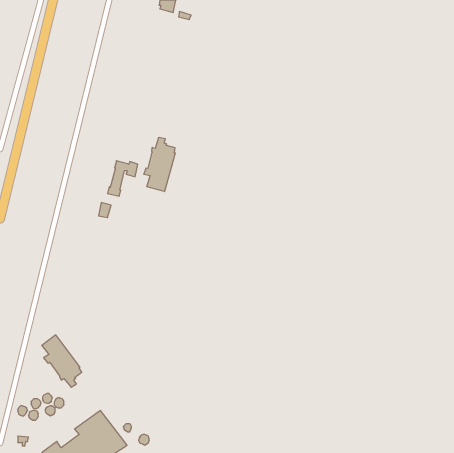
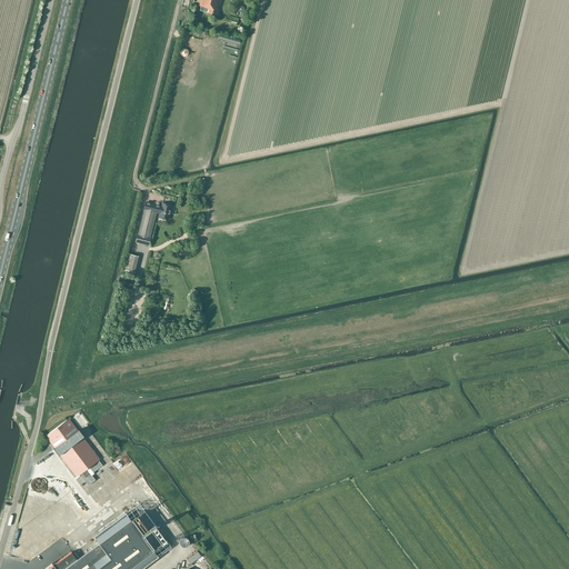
building: [144,137,175,192] -> none

